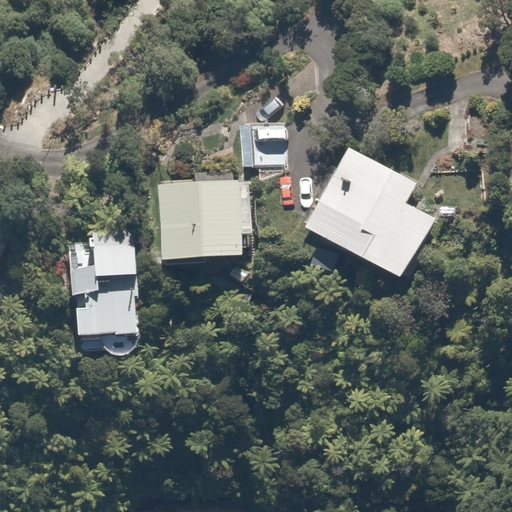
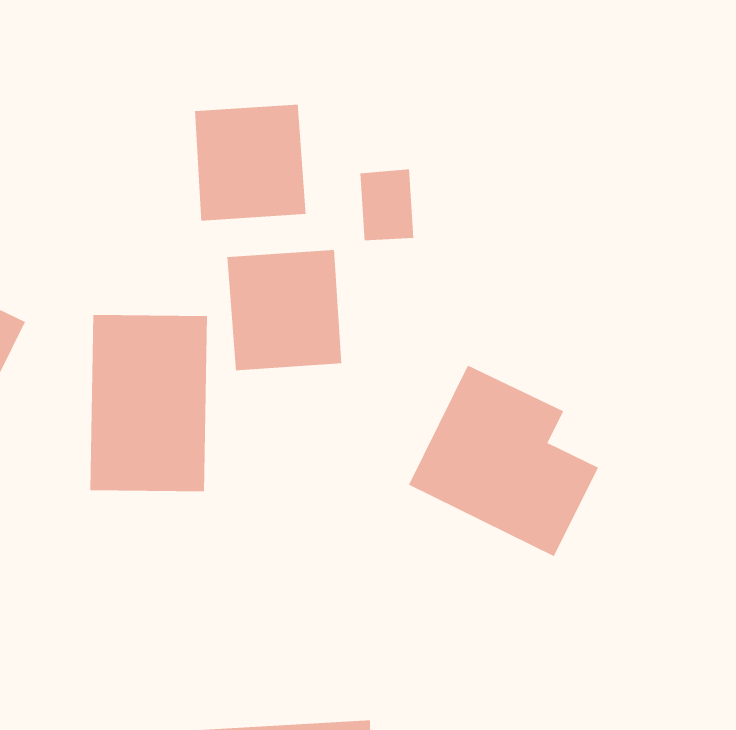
building: none -> [194,104,306,221]
building: [305,147,437,280] -> [408,365,599,557]

